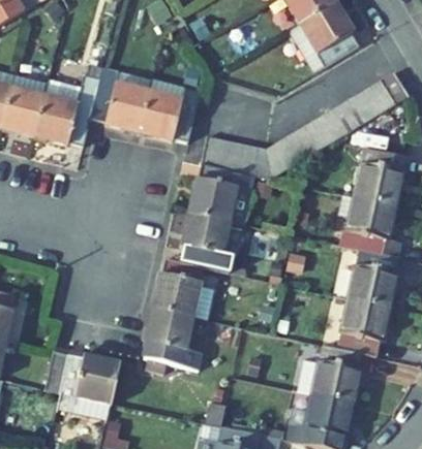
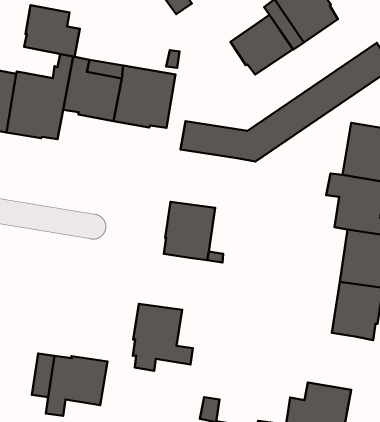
building: none -> [24,5,80,57]
building: none -> [231,15,293,74]
building: [189,163,255,224] -> none
building: [153,259,215,320] -> none
building: [296,344,361,403] -> none

